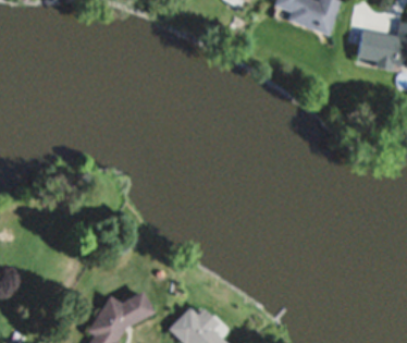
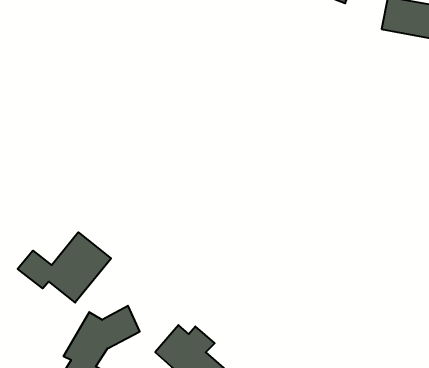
building: none -> [18,232,111,303]

